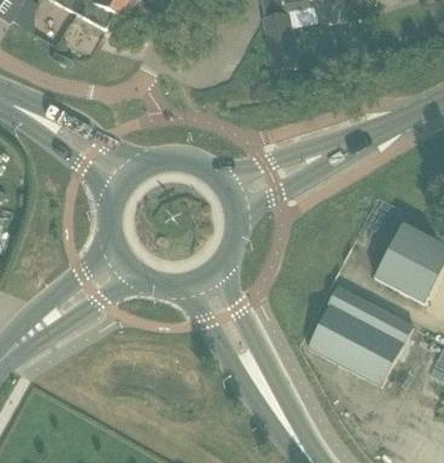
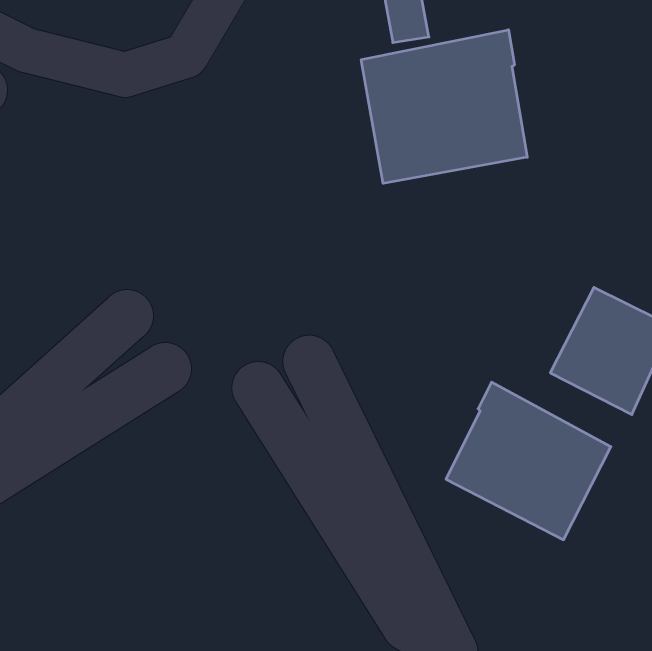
building: none -> [361,30,527,183]

